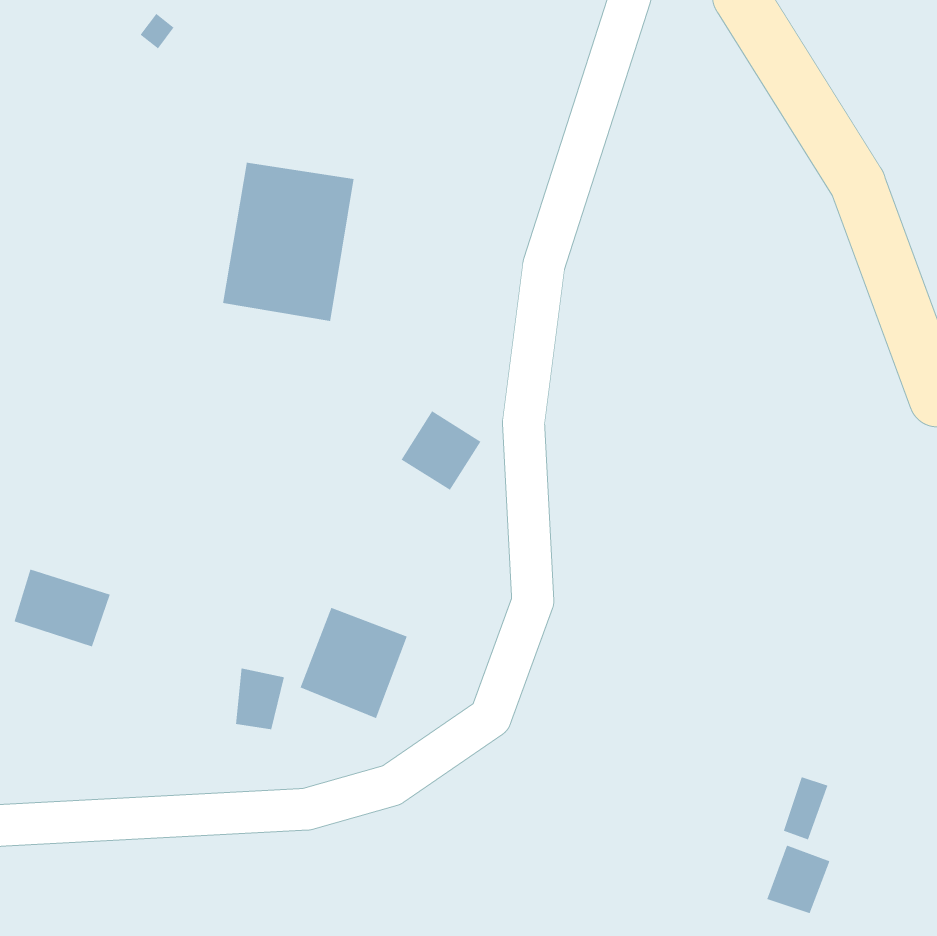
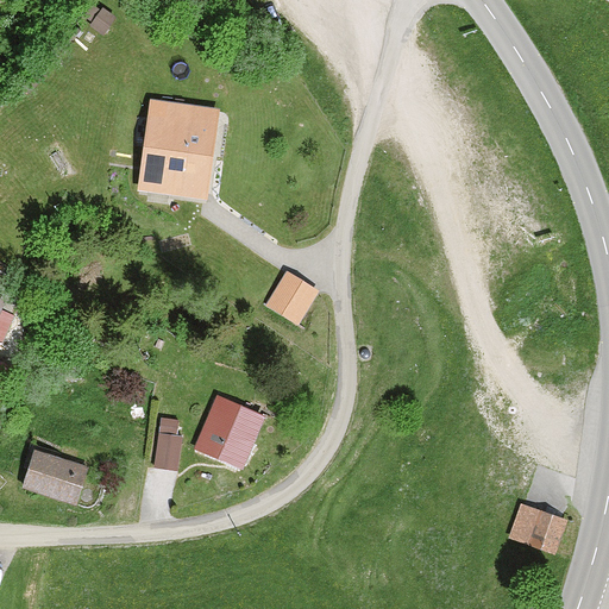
building: [13,568,111,648] -> [23,451,86,502]
building: [766,844,830,914] -> [523,508,565,553]

